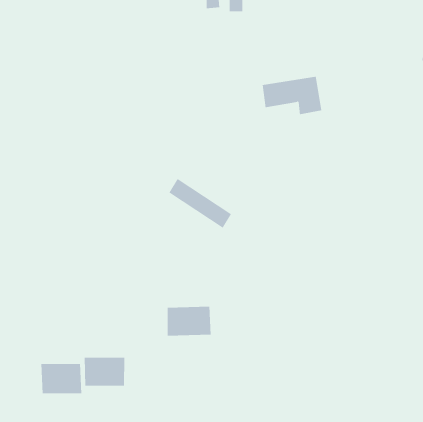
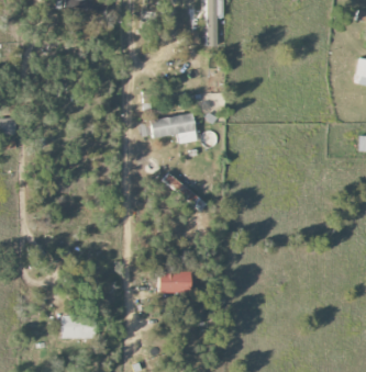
building: [262,76,322,115] -> [151,113,197,143]
building: [84,357,125,387] -> none

